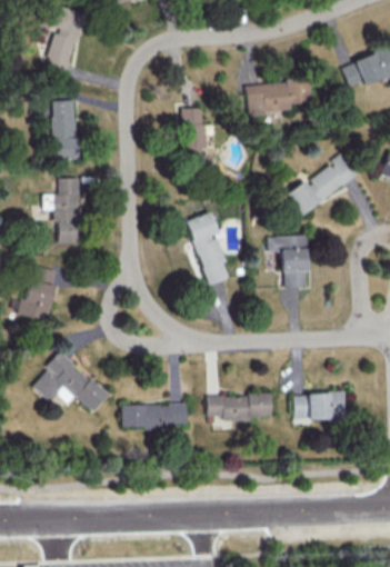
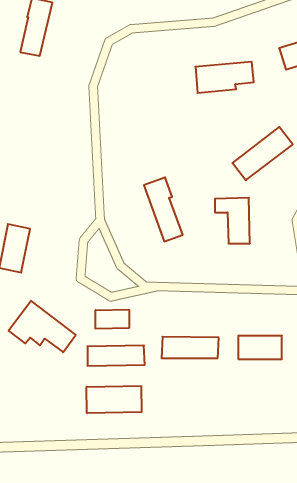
building: [51,100,76,159] -> none
building: [181,107,213,169] -> none
building: [42,177,80,243] -> none
building: none -> [96,310,129,329]
building: none -> [87,386,141,413]

